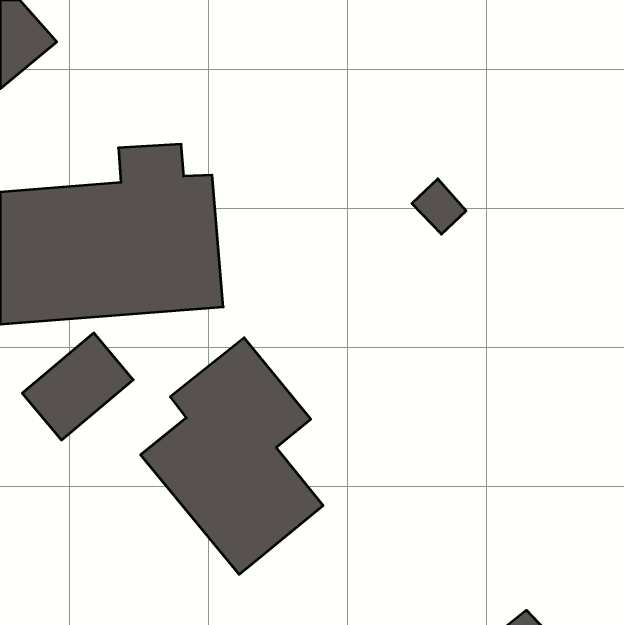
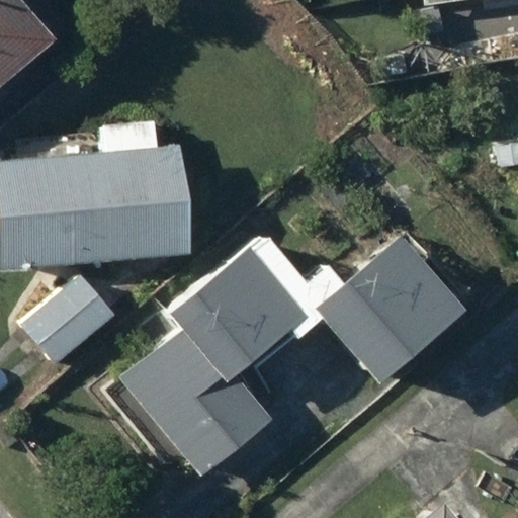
building: none -> [205,234,463,380]

